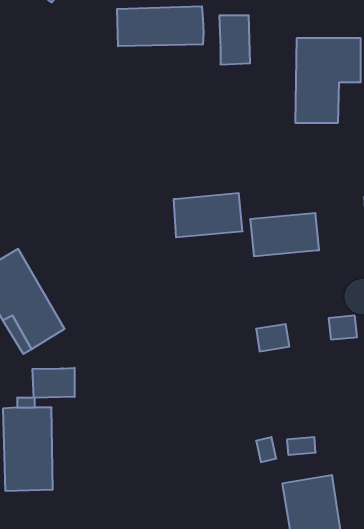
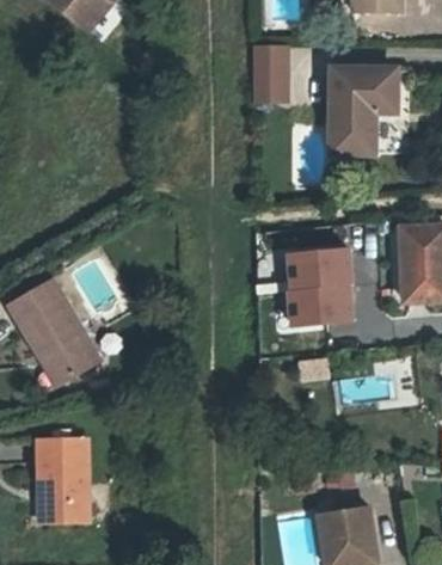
building: [117,6,203,46] -> none
building: [174,193,243,237] -> [287,282,356,326]
building: [32,368,75,398] -> none

